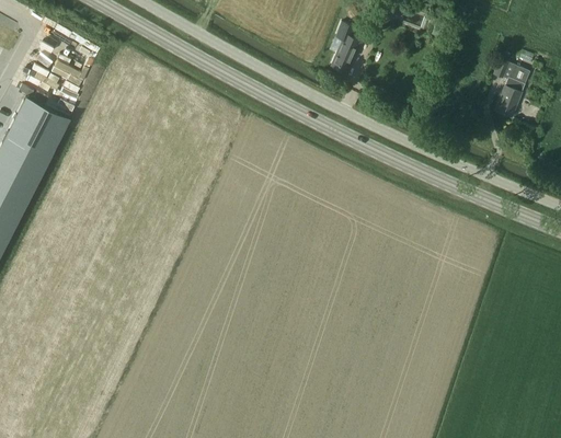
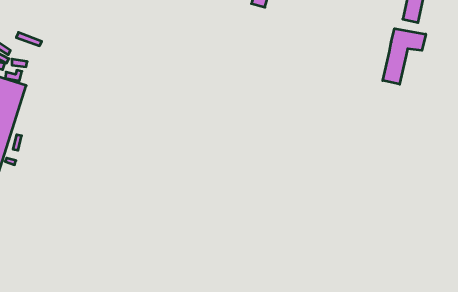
building: none -> [383,29,426,84]

